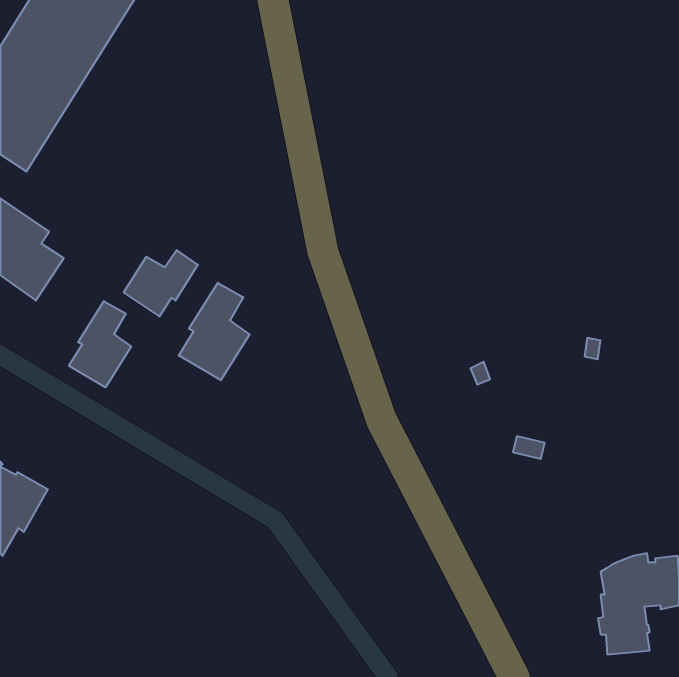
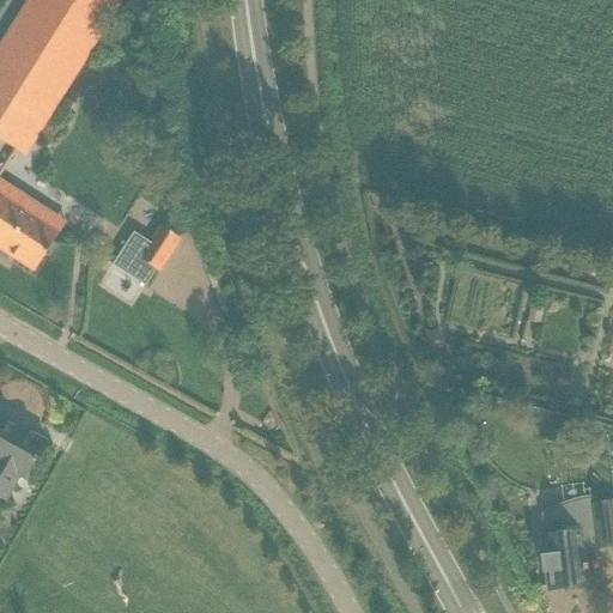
building: [179,283,250,380] -> none
building: [69,301,131,387] -> none

